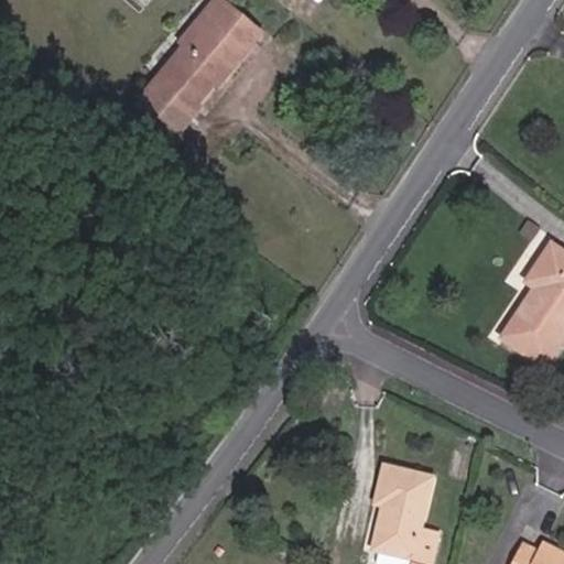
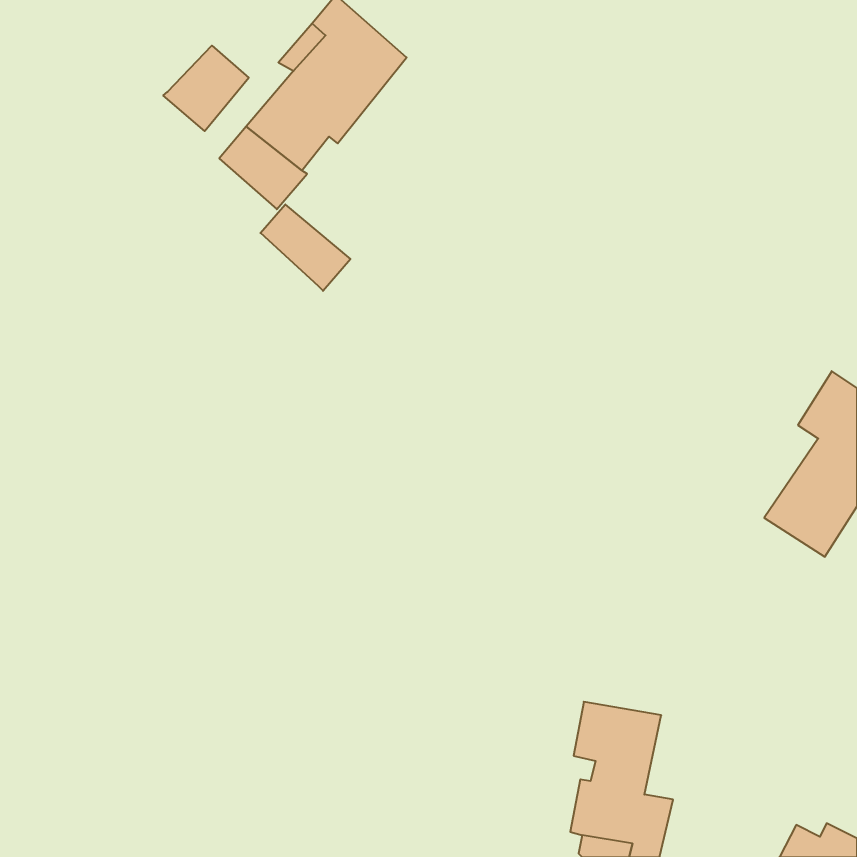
building: none -> [163,46,249,131]
building: none -> [260,204,350,291]

